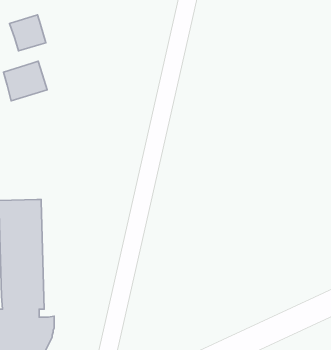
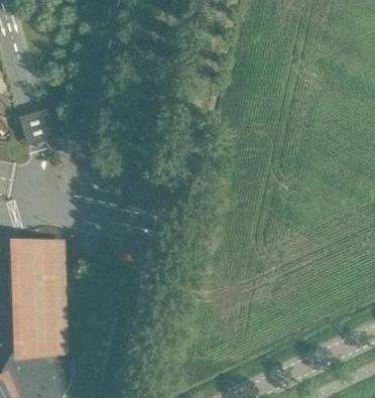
building: [9,15,46,51] -> none

